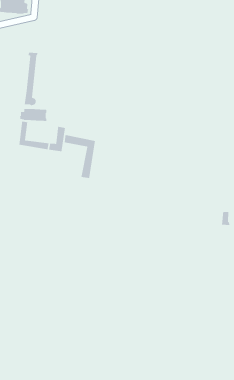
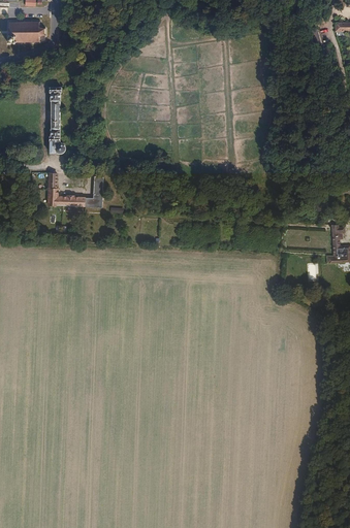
building: [19,107,48,123] -> none
building: [64,134,96,179] -> none

